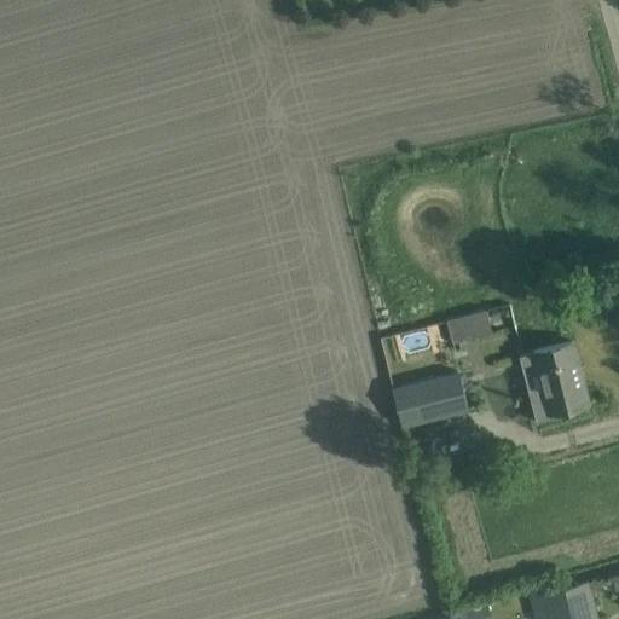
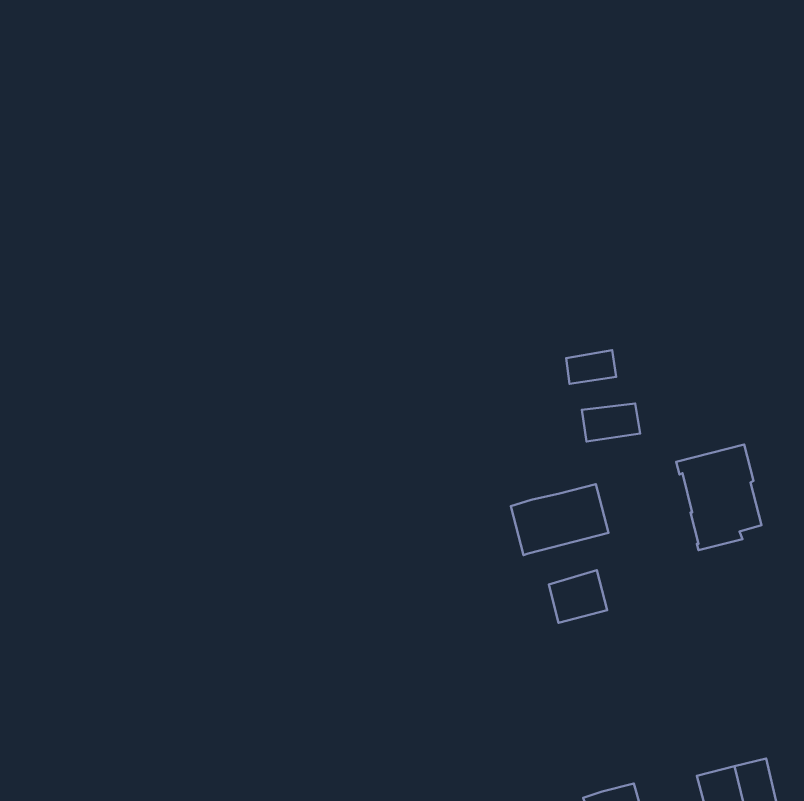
building: none -> [566,350,616,384]
building: none -> [549,570,607,623]

